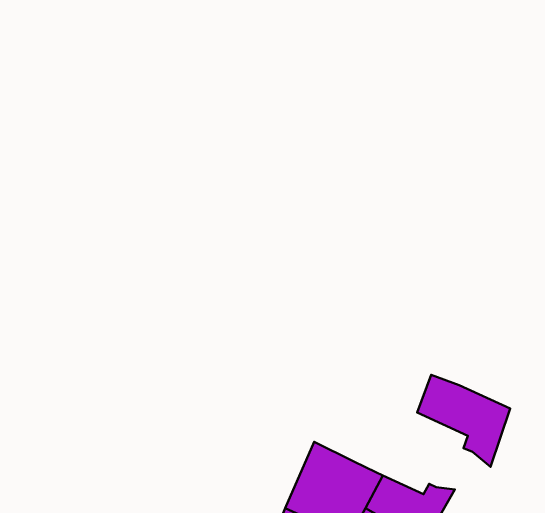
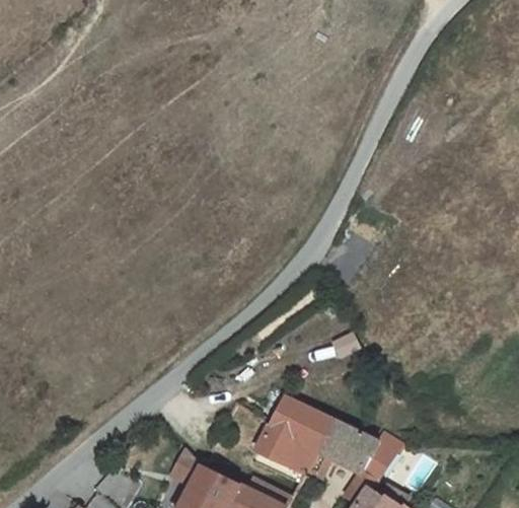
building: [417,375,510,467] -> none

